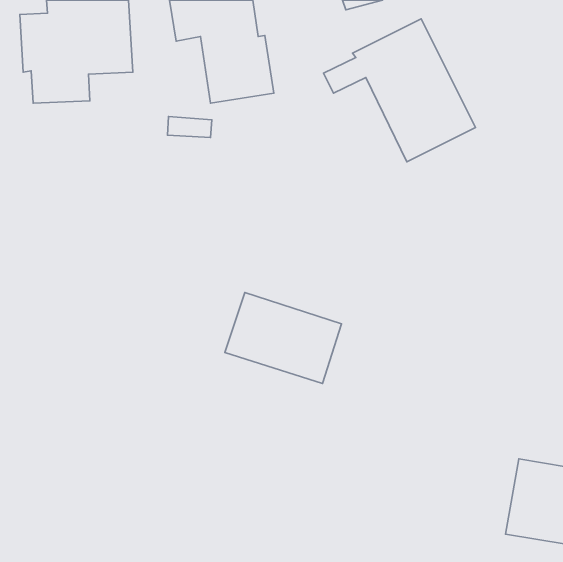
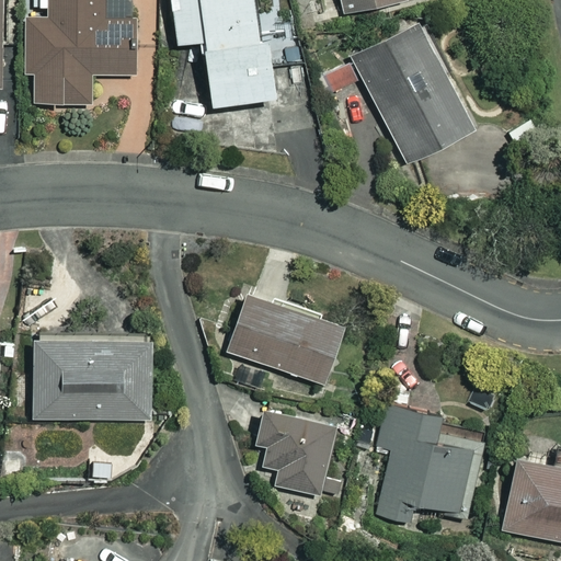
building: none -> [33,336,151,421]
building: none -> [379,407,483,524]
building: none -> [256,410,332,496]

